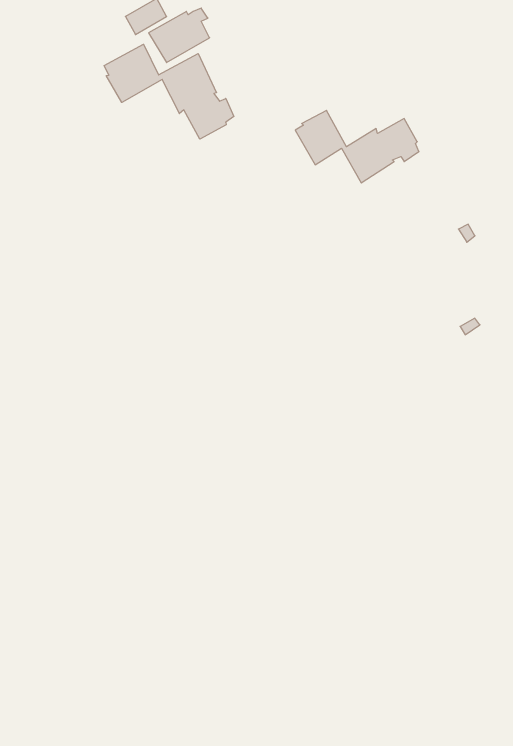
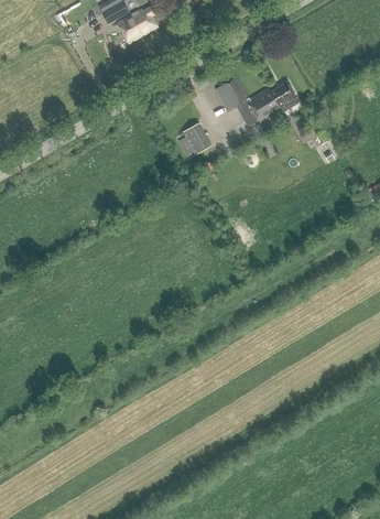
building: [104,44,234,139] -> none
building: none -> [181,121,216,158]

